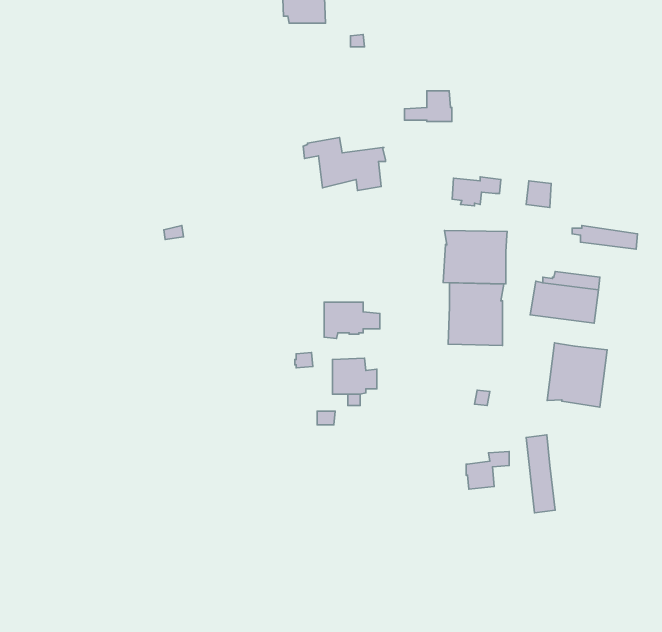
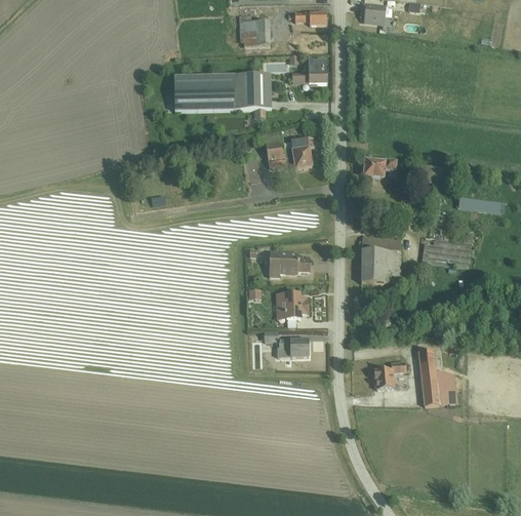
building: none -> [174,73,271,117]
building: [405,91,452,121] -> [292,59,327,82]
building: [443,230,507,284] -> none
building: [547,343,607,407] -> none
building: none -> [277,339,309,356]
building: none -> [436,369,457,403]

